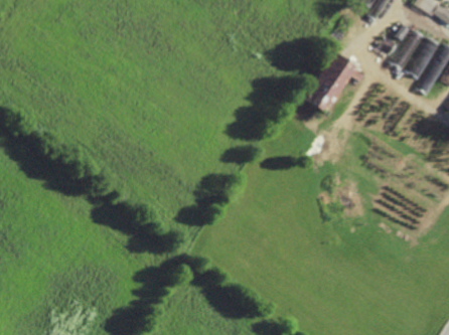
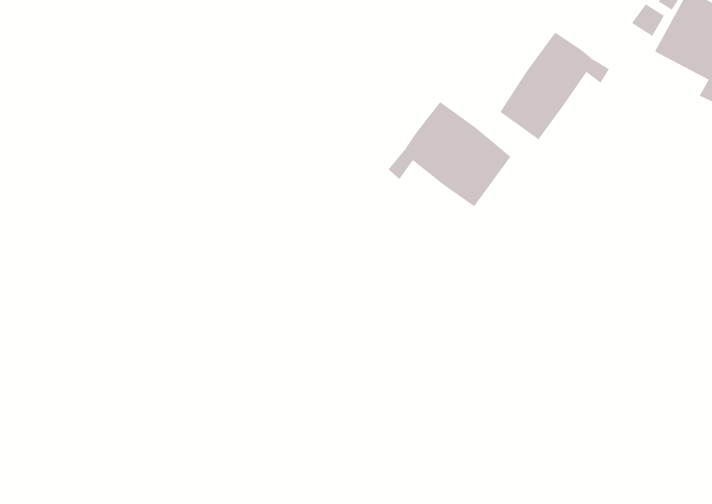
building: none -> [388,101,511,207]

